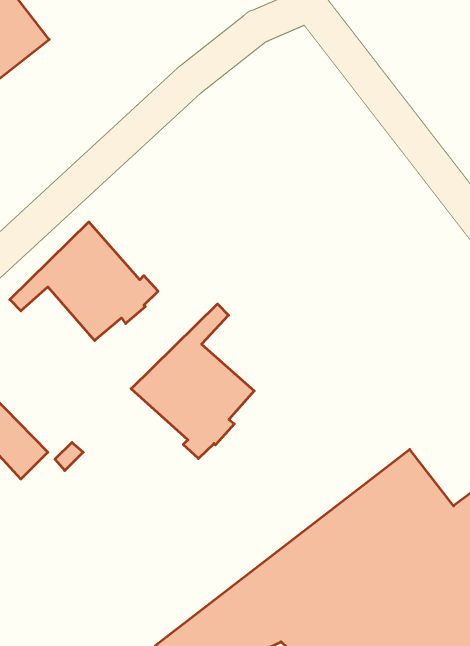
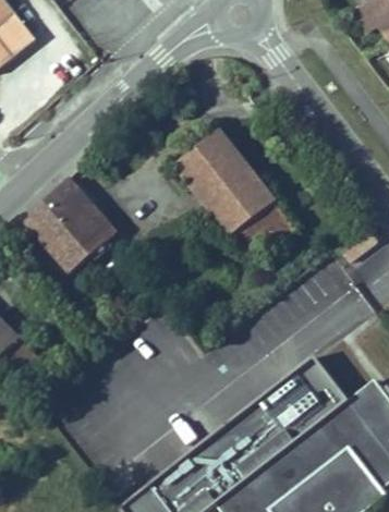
building: none -> [177,131,295,260]
building: [131,304,254,459] -> none

